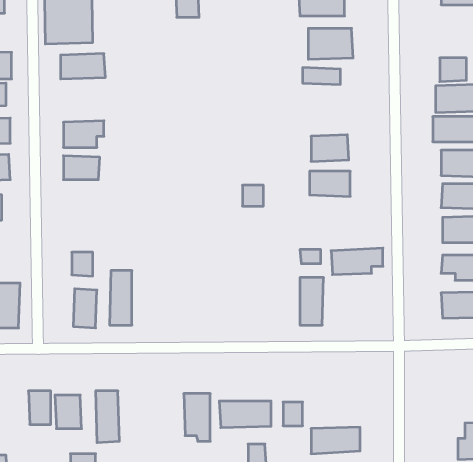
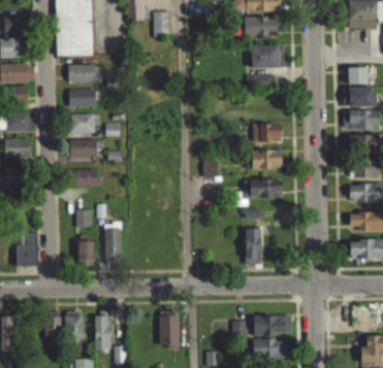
building: none -> [69,89,96,107]
building: none -> [72,169,98,187]
building: [331,248,383,275] -> [244,178,282,198]
building: [219,401,271,428] -> [253,315,291,335]

